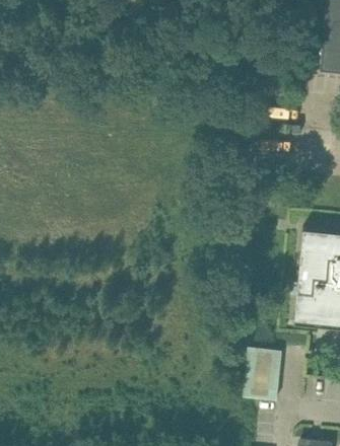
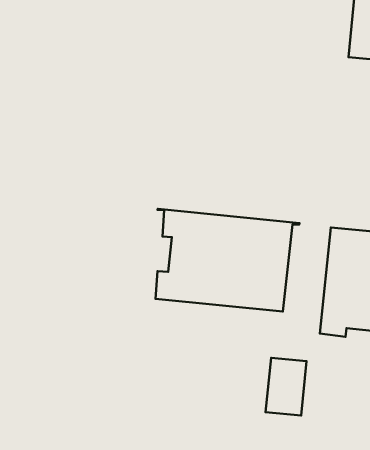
building: none -> [156,209,299,312]

